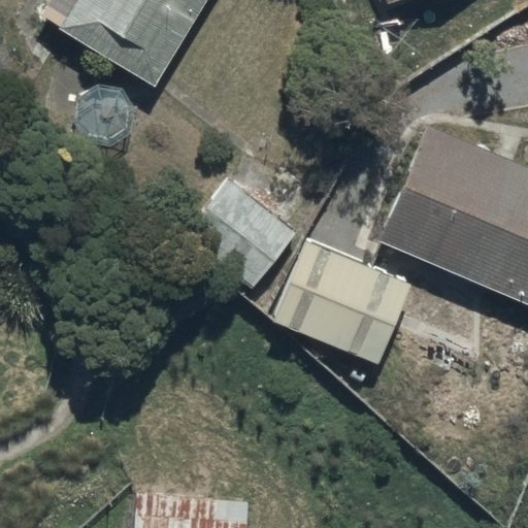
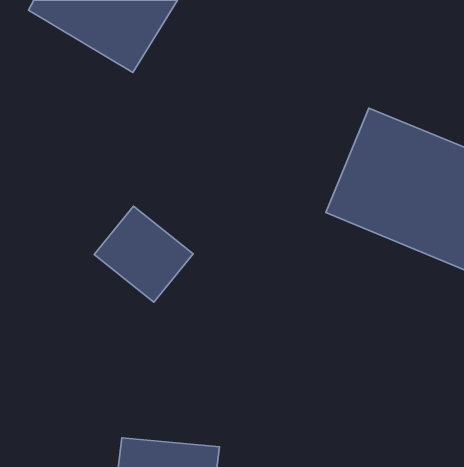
building: [186,180,297,289] -> [94,206,193,302]
building: [275,241,412,360] -> none

